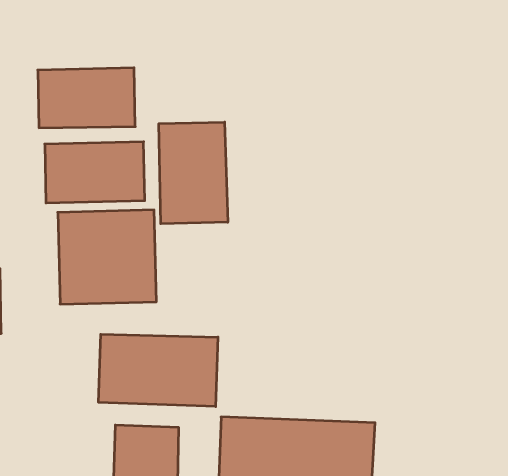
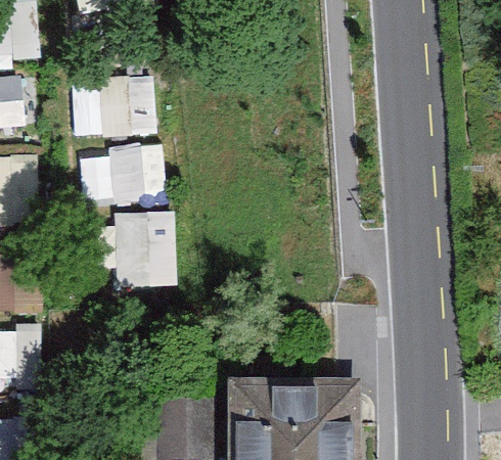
building: [159,122,228,224] -> none
building: [99,334,218,407] -> none

